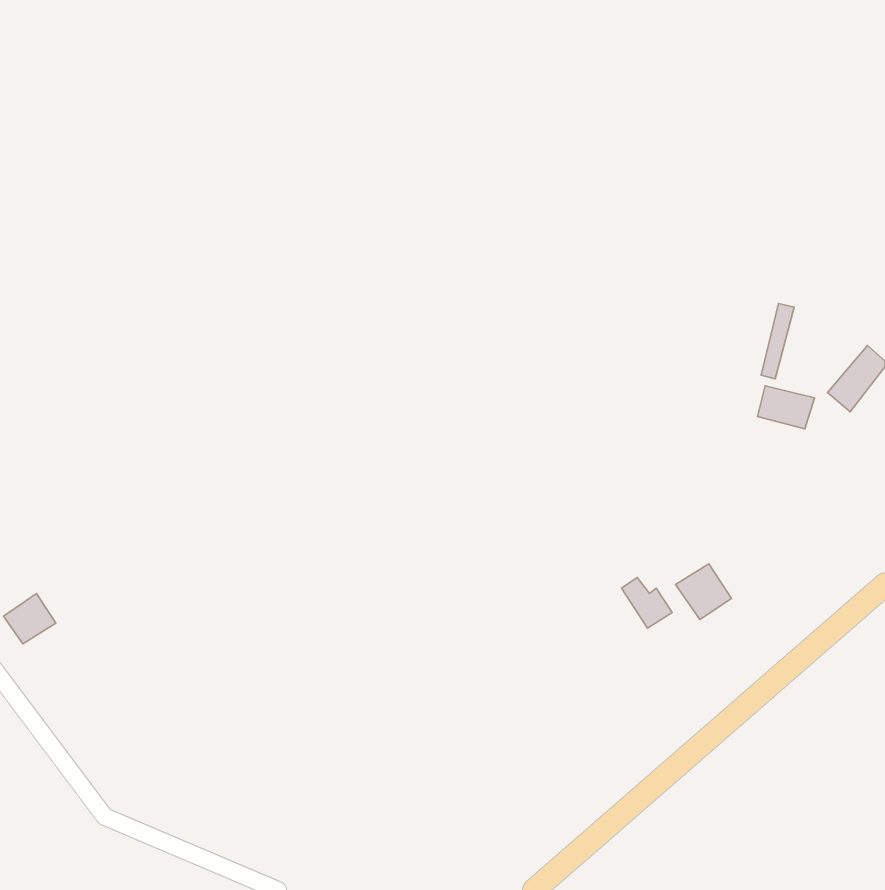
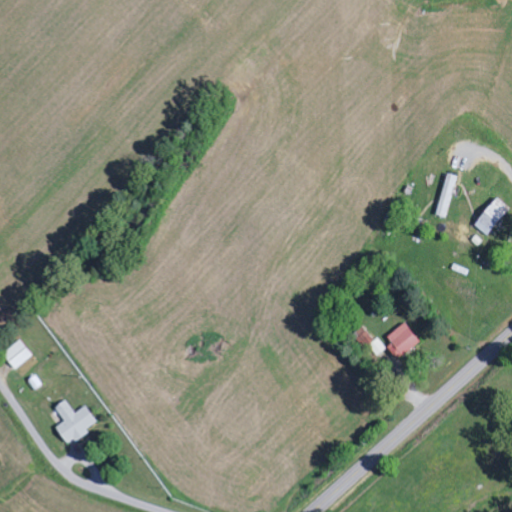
building: [758,386,814,429] -> none
building: none -> [54,400,98,445]

